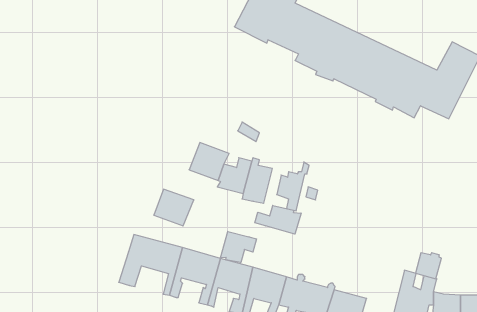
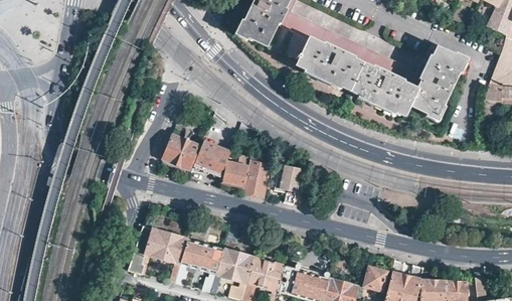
building: [154,189,194,226] -> [162,134,199,168]
building: [255,205,301,234] -> none
building: [220,231,257,263] -> none
building: [415,253,441,279] -> [364,266,388,290]

